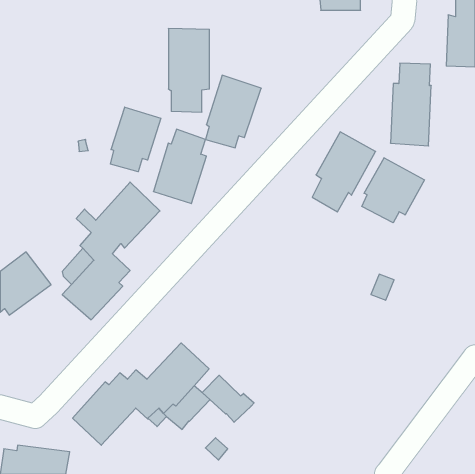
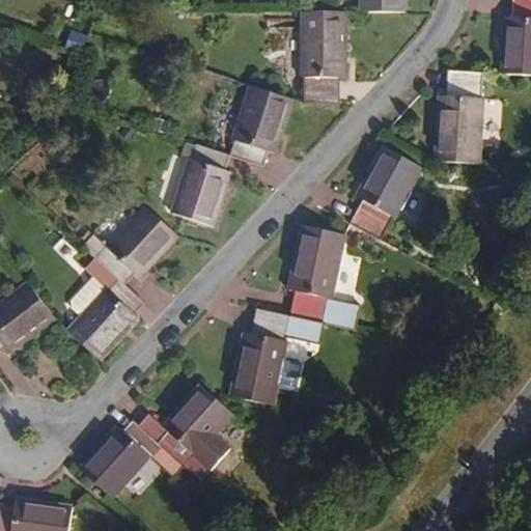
building: [168,29,209,112] -> [300,10,345,104]
building: [110,107,161,172] -> none
building: [362,158,424,223] -> none
building: none -> [233,227,360,403]
building: [202,375,254,422] -> none

